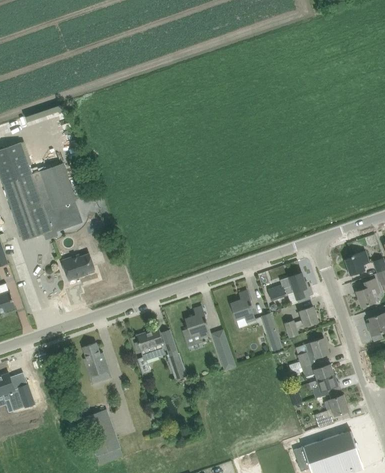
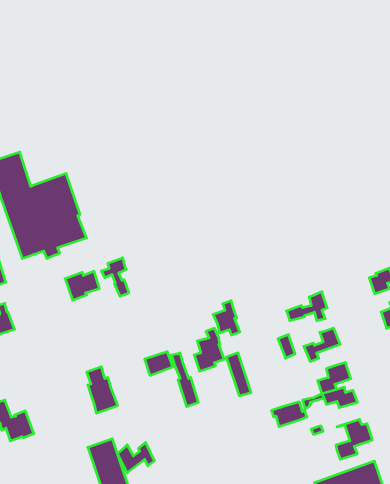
building: none -> [102,258,129,296]
building: [230,291,255,323] -> [213,301,240,335]
building: [308,376,341,399] -> [271,402,307,427]
building: none -> [117,442,154,473]

